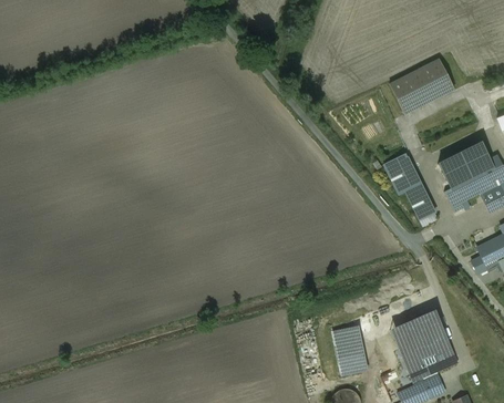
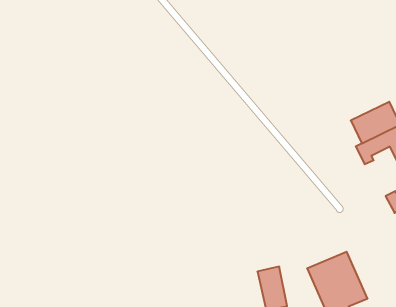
building: [390,59,454,113] -> none
building: [384,153,439,226] -> none

